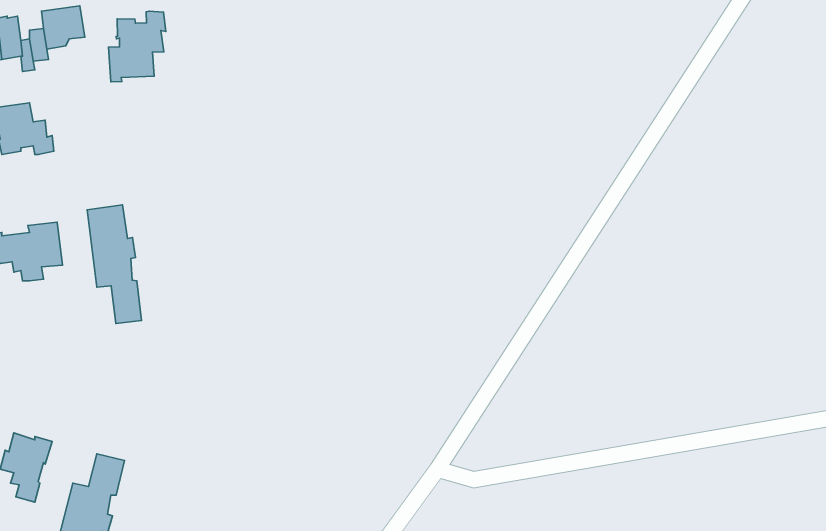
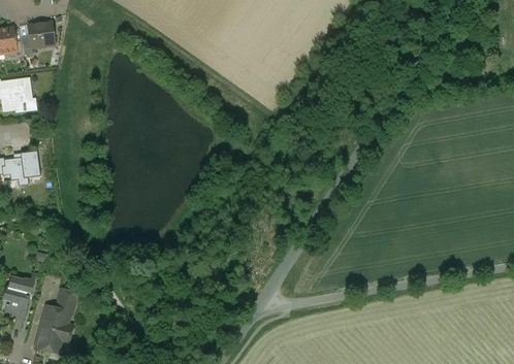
building: [109,11,166,82] -> none
building: [87,205,142,323] -> none

